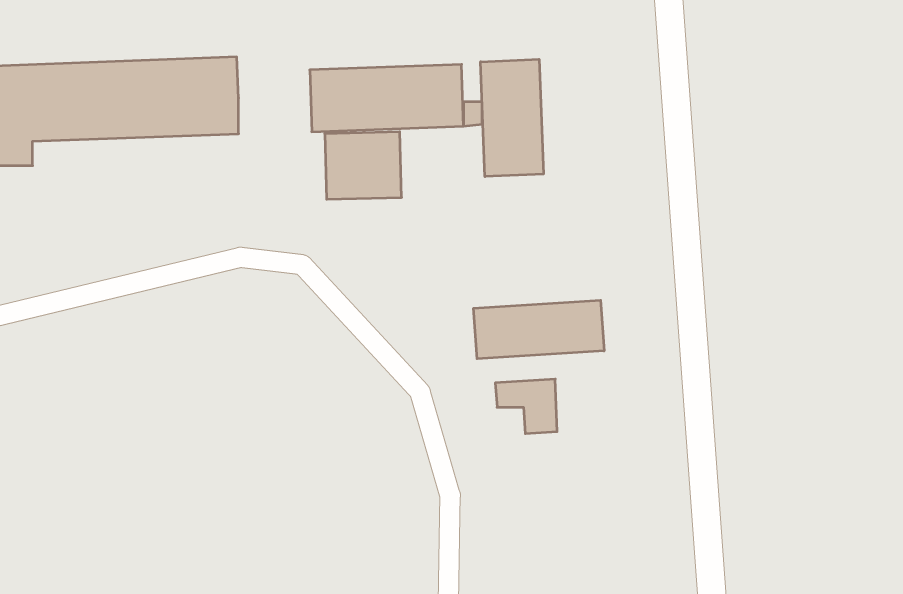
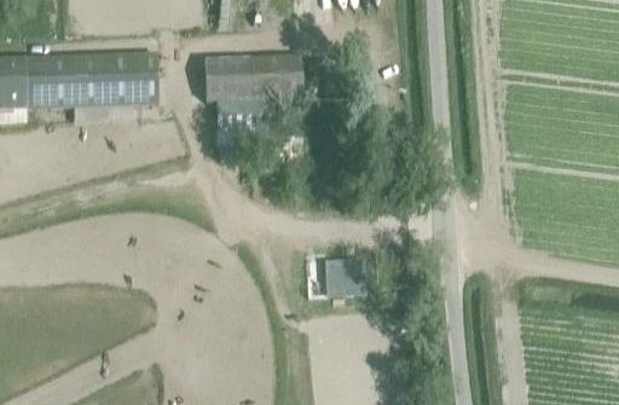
building: [481,59,543,177] -> none
building: [474,300,604,359] -> none

